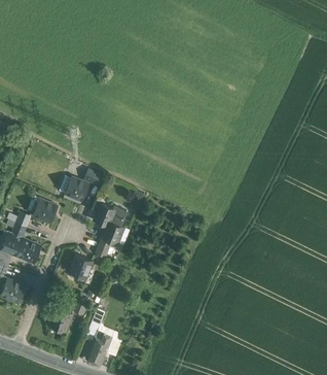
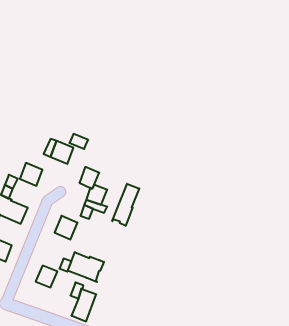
building: none -> [112,184,139,226]
building: none -> [68,252,104,282]

